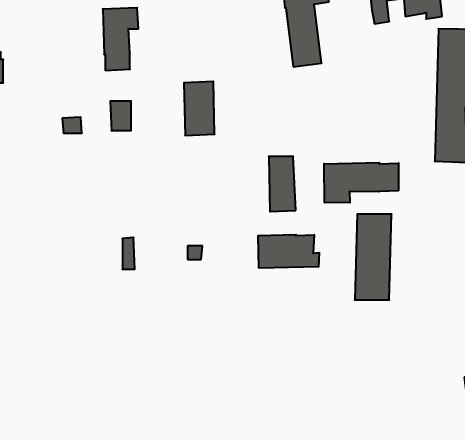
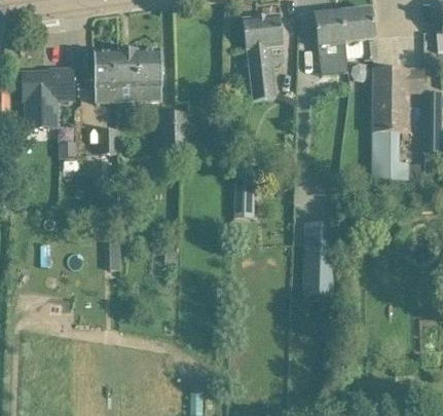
building: none -> [115,48,162,101]
building: none -> [22,67,74,127]
building: [324,163,399,203] -> none
building: [258,235,319,268] -> none

